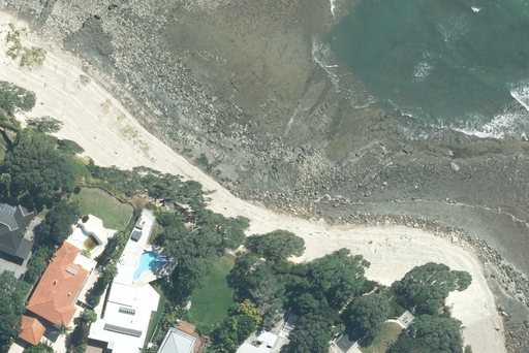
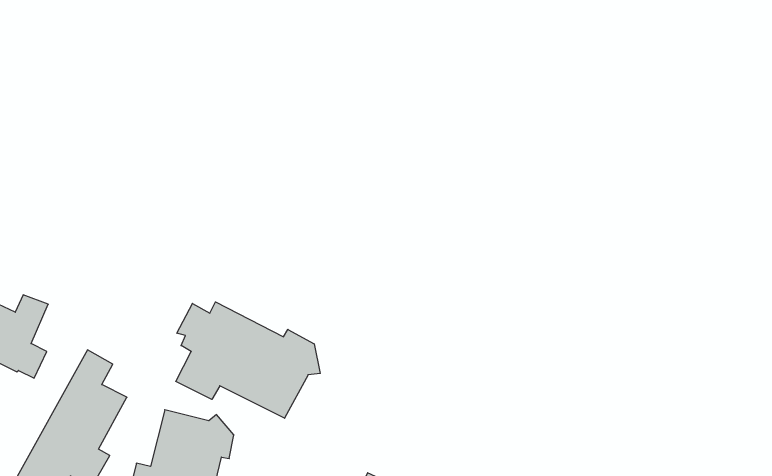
building: none -> [176,302,320,418]

